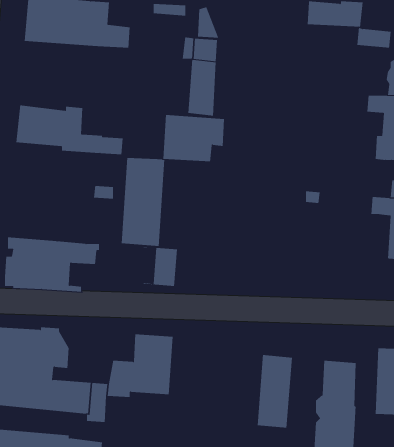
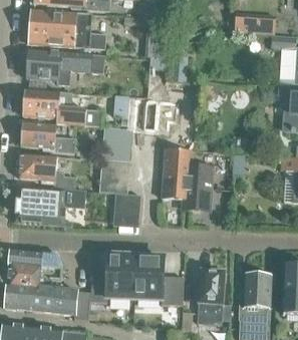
building: none -> [27,50,114,80]
building: none -> [22,122,75,152]
building: none -> [162,148,212,209]
building: none -> [19,153,75,190]
building: none -> [134,257,185,307]

